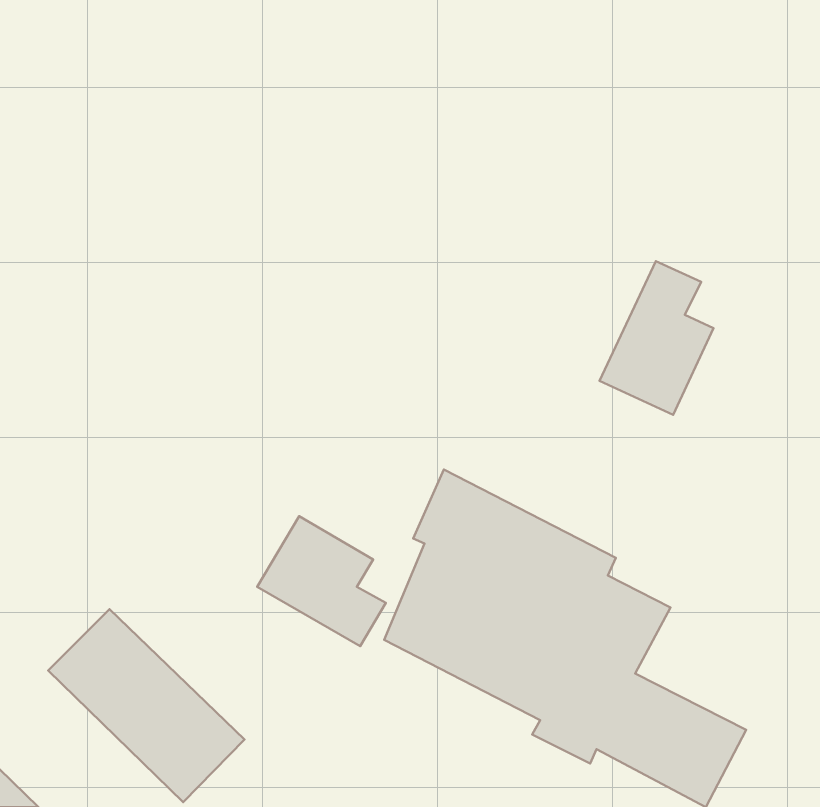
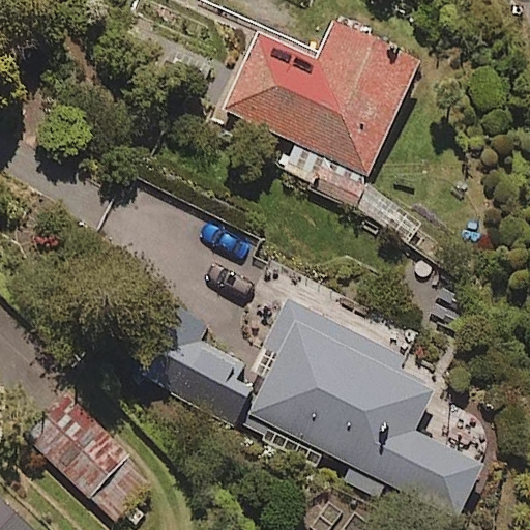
building: none -> [224,32,414,201]
building: [599,261,713,415] -> none

